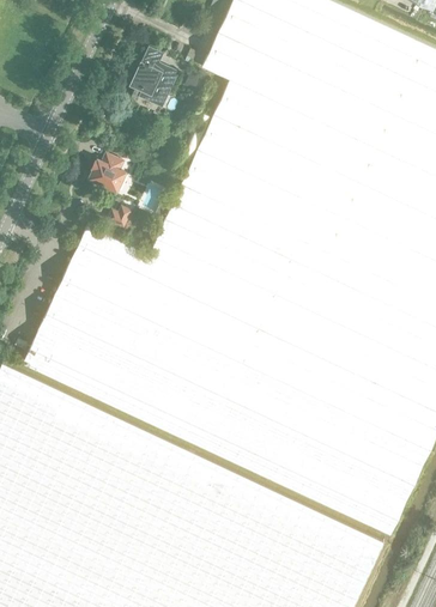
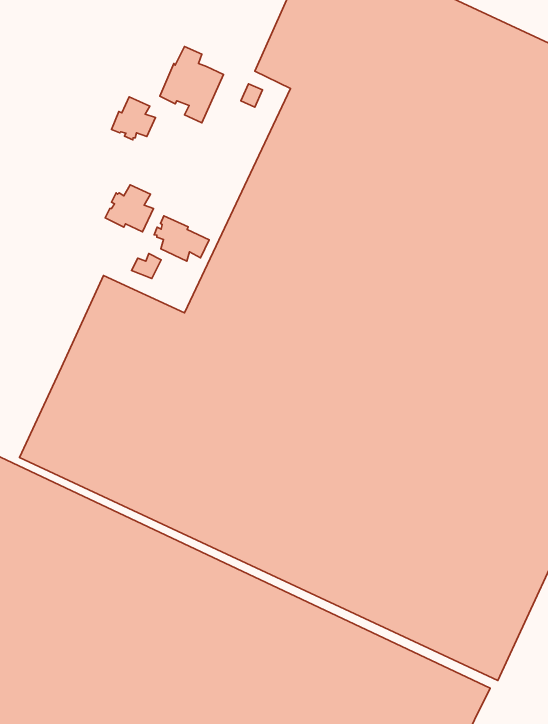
building: none -> [111,97,155,140]
building: none -> [154,216,209,261]

